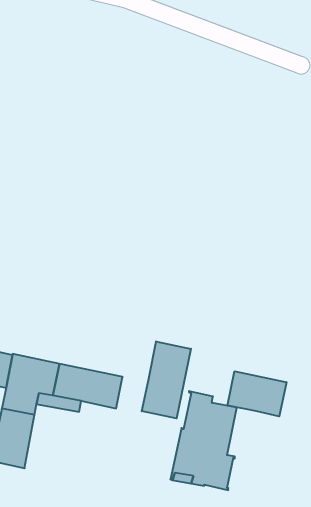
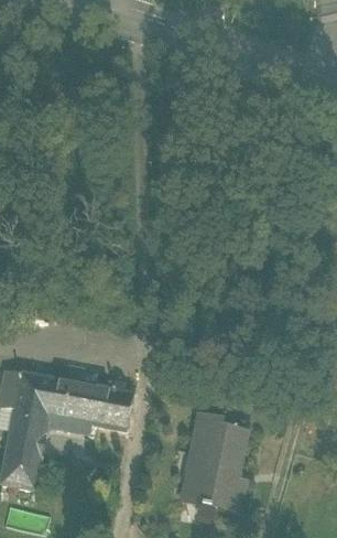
building: [142,341,191,418] -> none
building: [227,371,286,416] -> none

